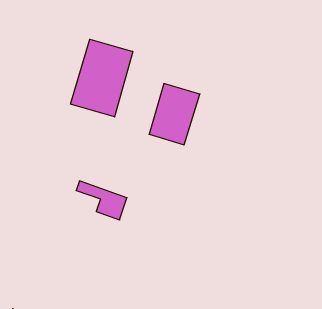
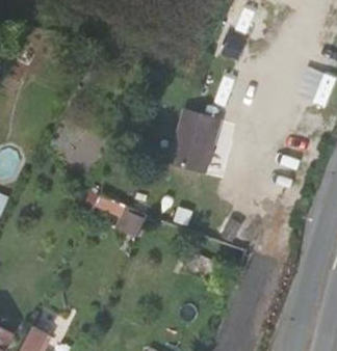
building: [71,39,133,117] -> none

